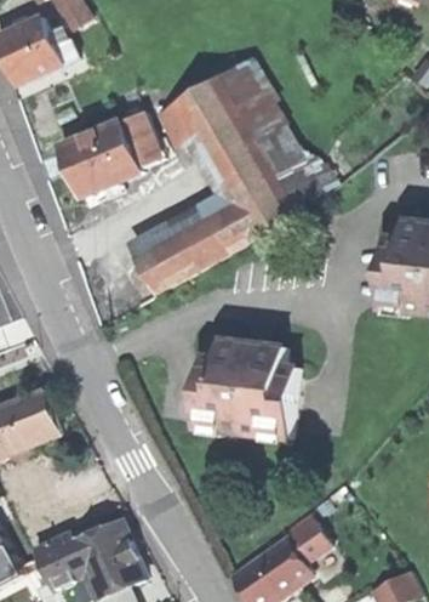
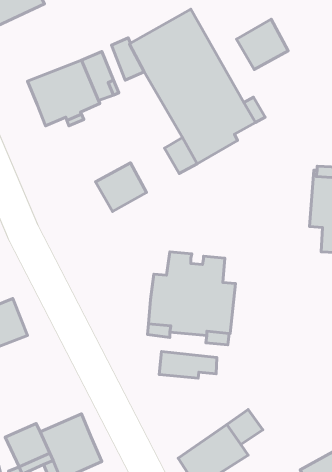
building: none -> [236,19,288,70]
building: [175,215,230,269] -> none
building: none -> [159,352,217,378]

